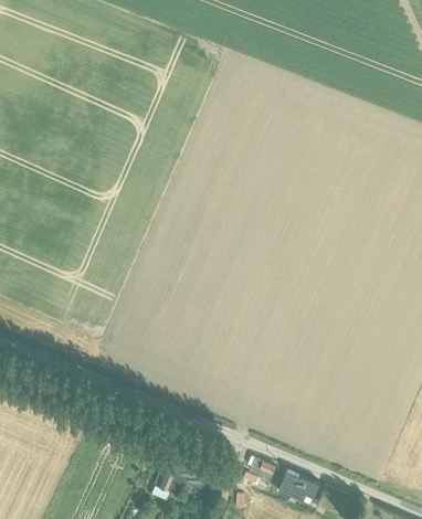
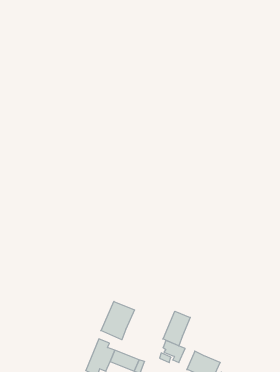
building: none -> [101,301,134,340]
building: none -> [163,311,190,346]

